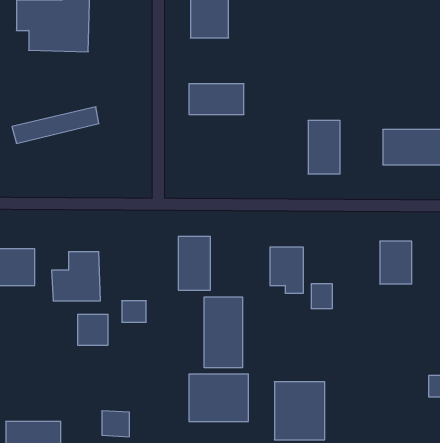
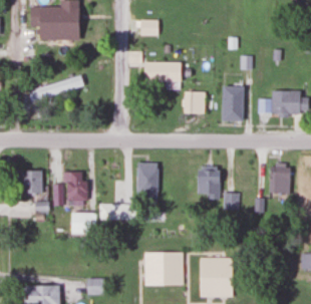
building: none -> [185,92,206,114]
building: [204,297,242,368] -> none

